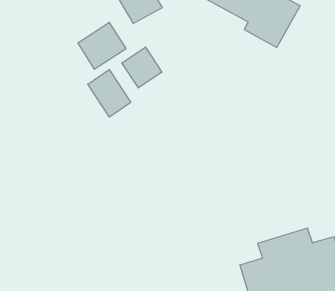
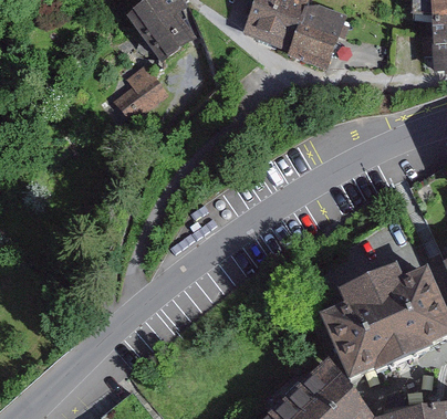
building: [122,47,162,88] -> none
building: [88,69,131,117] -> none

